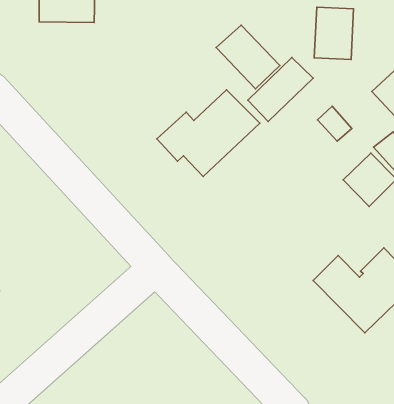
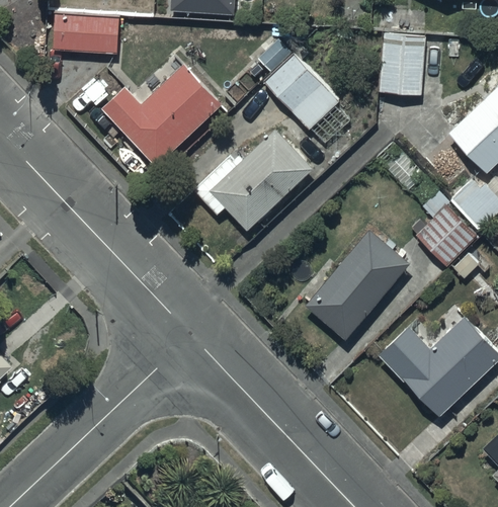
building: none -> [104,65,222,164]
building: [248,58,313,121] -> none
building: none -> [304,231,412,339]

